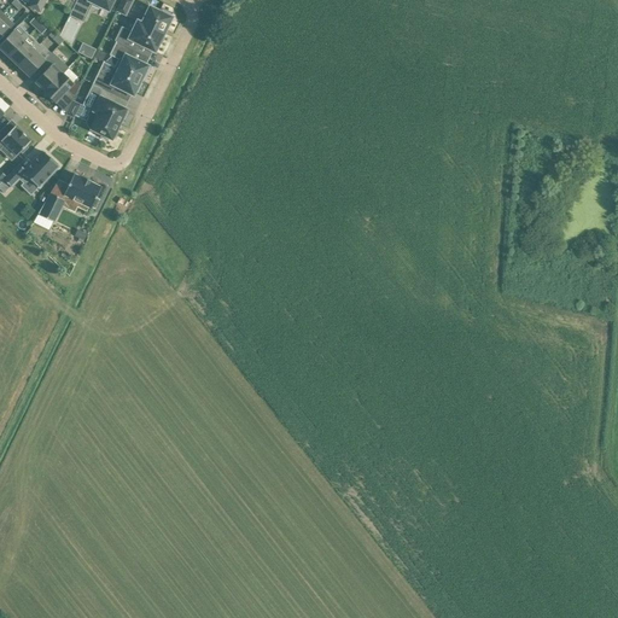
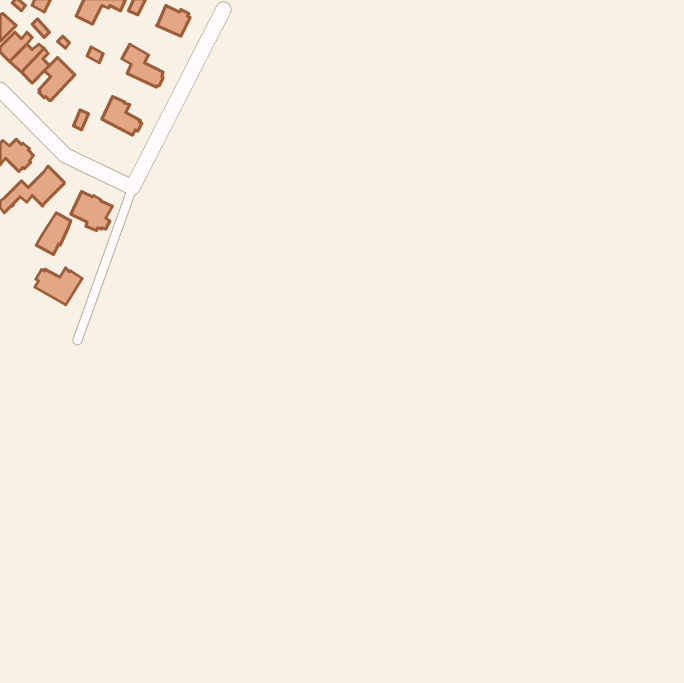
building: [116,19,164,51] -> none
building: [93,66,141,94] -> none
building: [45,72,81,101] -> none
building: [87,107,119,139] -> none
building: none -> [35,268,82,305]

